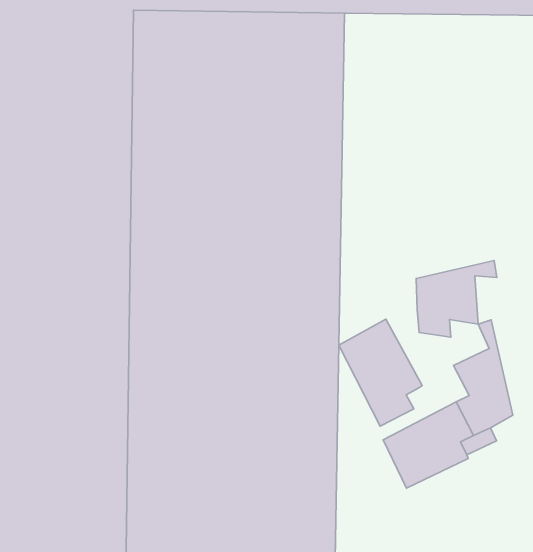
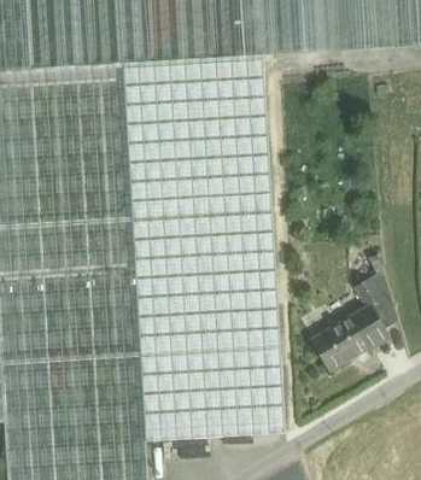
building: [416,261,497,337] -> none
building: [339,319,422,426] -> none

